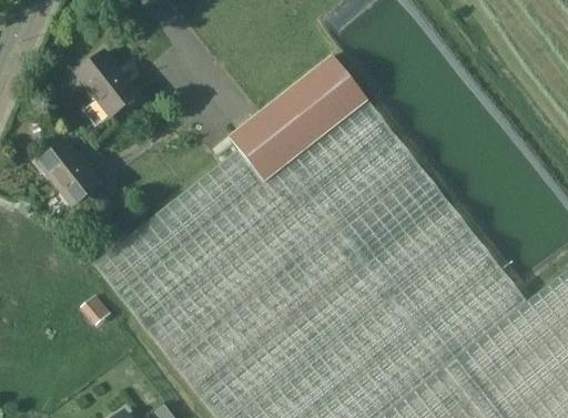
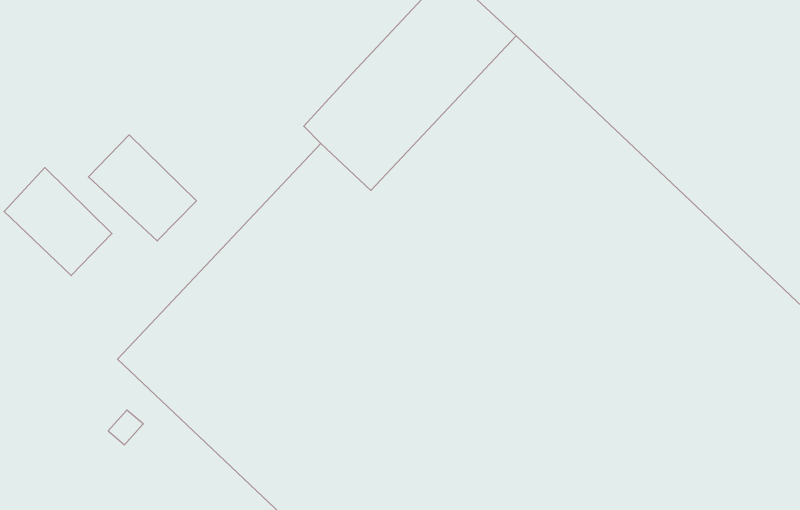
building: [77,51,141,119] -> [88,135,196,241]

